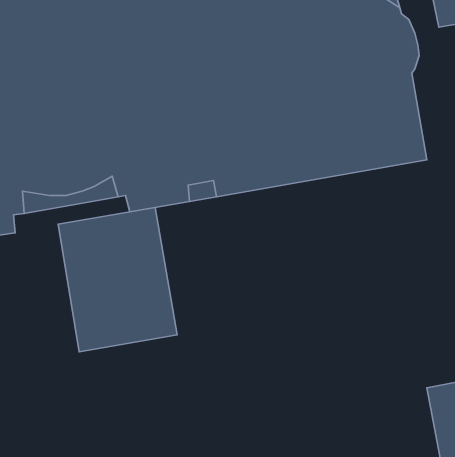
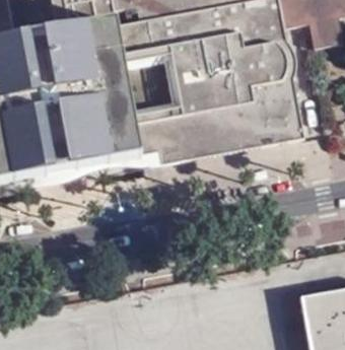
building: [58,208,177,352] -> none

